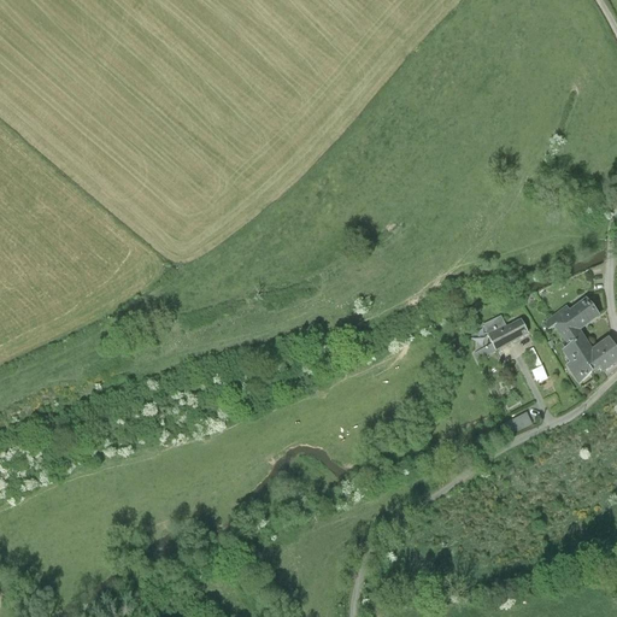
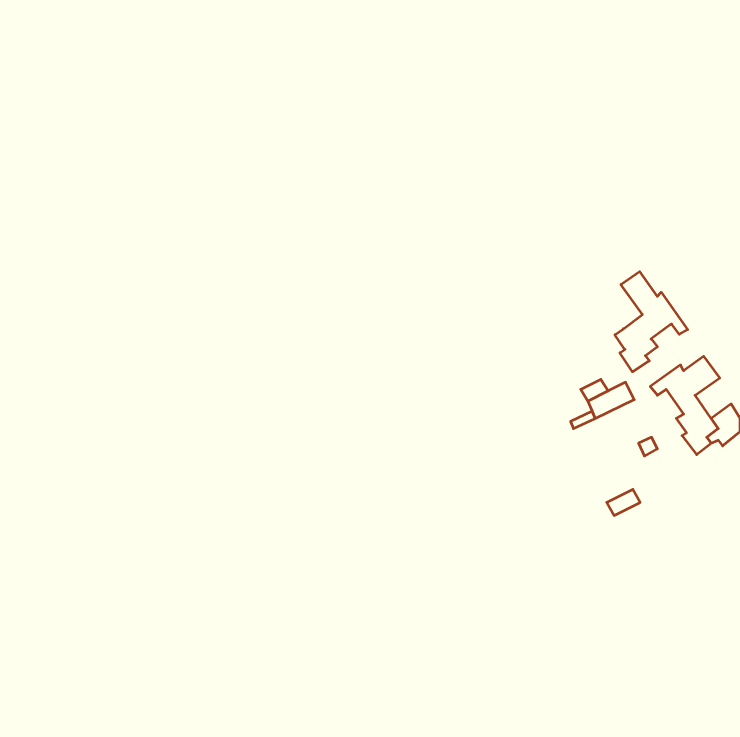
building: none -> [615,272,688,372]

